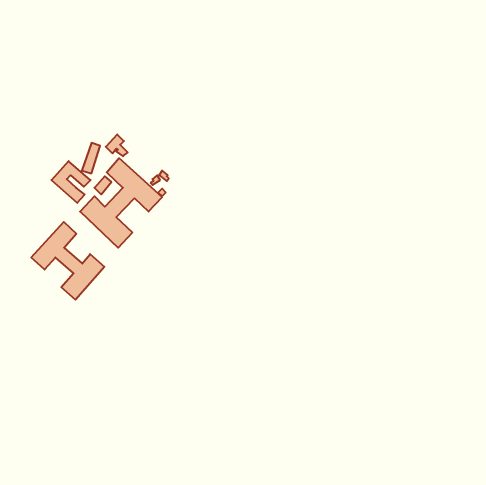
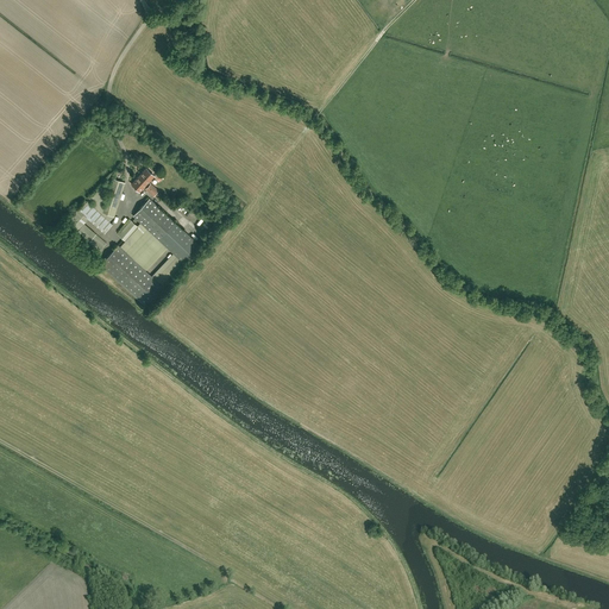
building: [31,222,104,300] -> none

